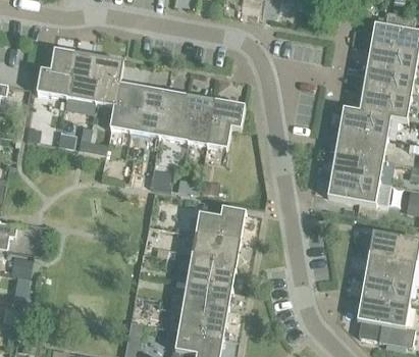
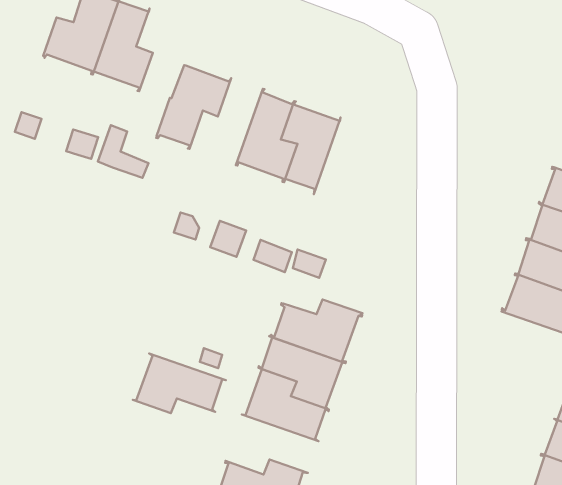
building: [89,54,123,104] -> none
building: [129,87,166,137] -> none
building: [206,99,245,149] -> none
building: [180,280,232,313] -> [133,353,226,413]

